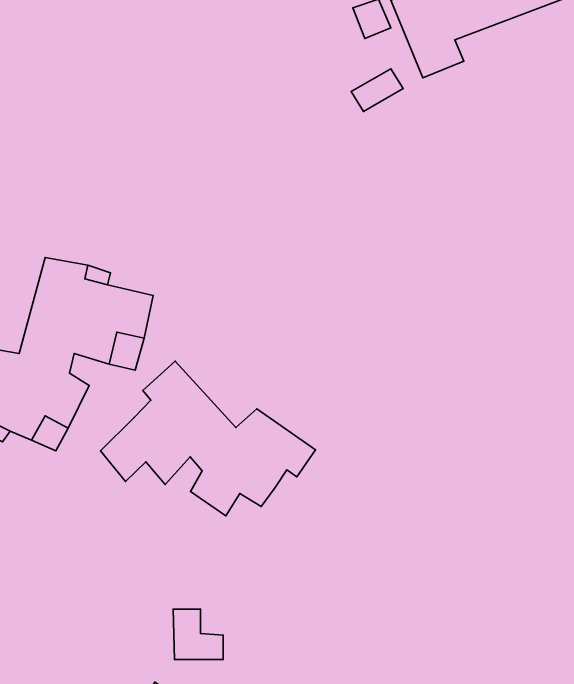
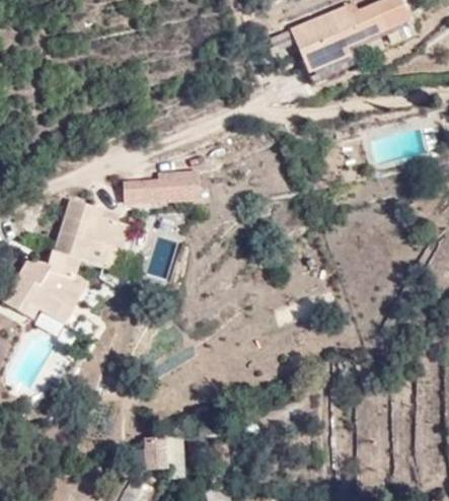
building: none -> [118,167,197,202]
building: [101,361,315,516] -> none

